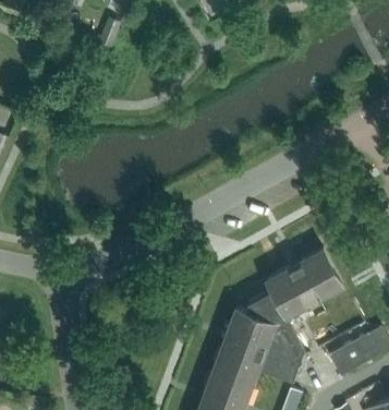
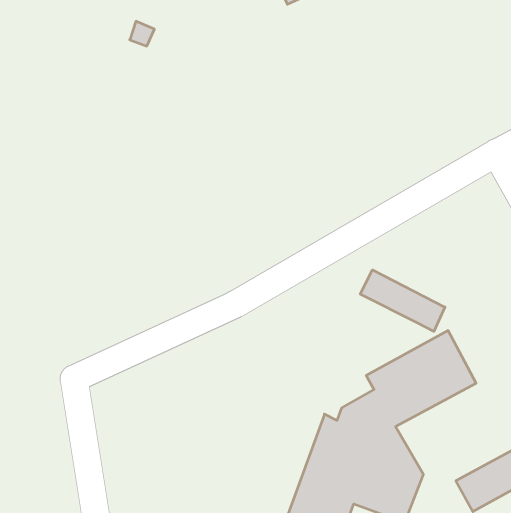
building: none -> [360,270,445,331]

